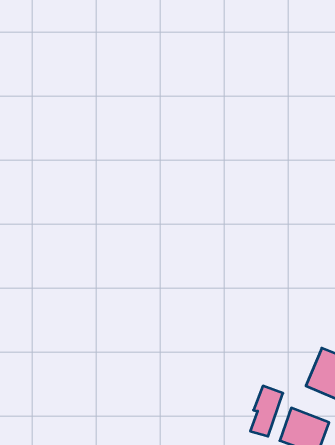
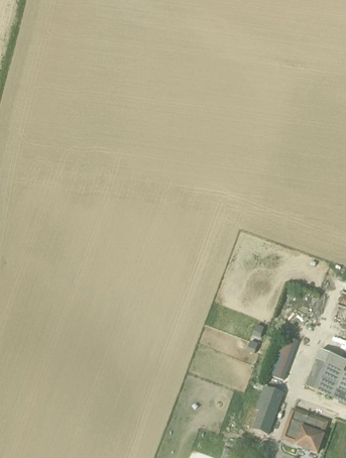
building: none -> [269,334,299,379]

